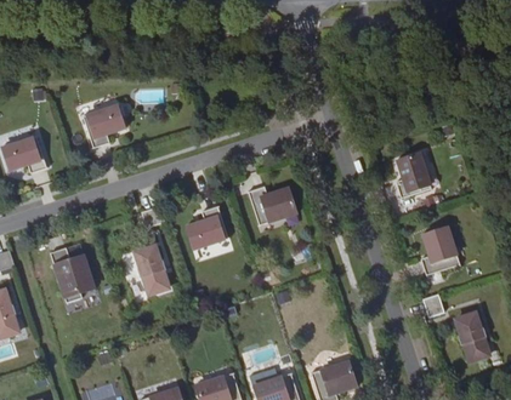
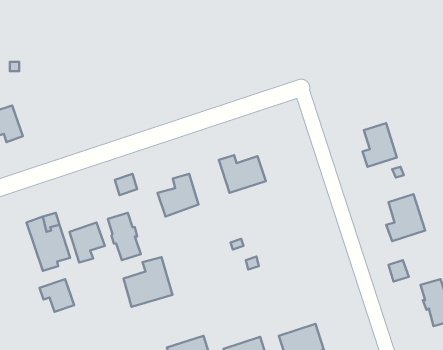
building: [83,104,124,147] -> none
building: none -> [69,223,105,263]
building: none -> [123,257,172,307]
building: none -> [39,279,74,312]

